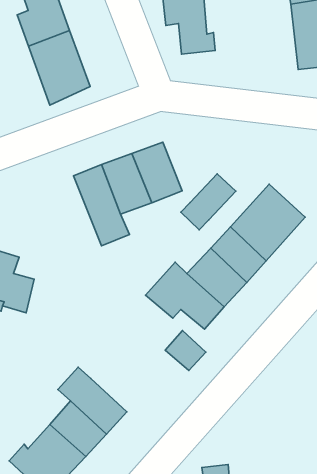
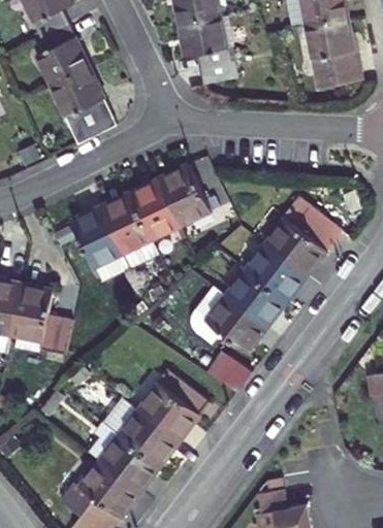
building: [181,174,236,230] -> none
building: none -> [76,208,137,279]
building: none -> [137,370,204,437]

